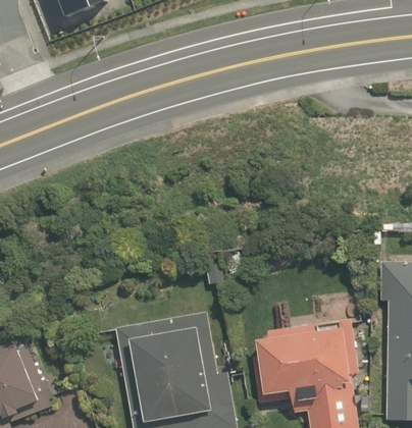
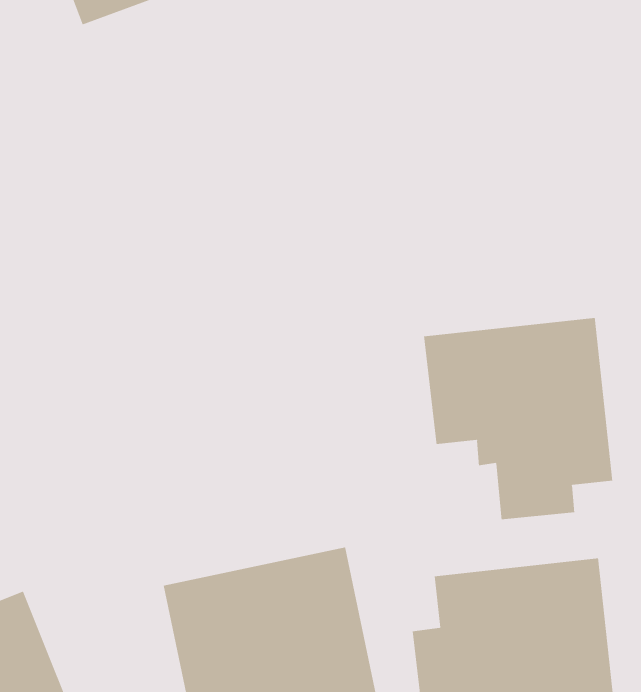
building: none -> [423,317,613,520]

